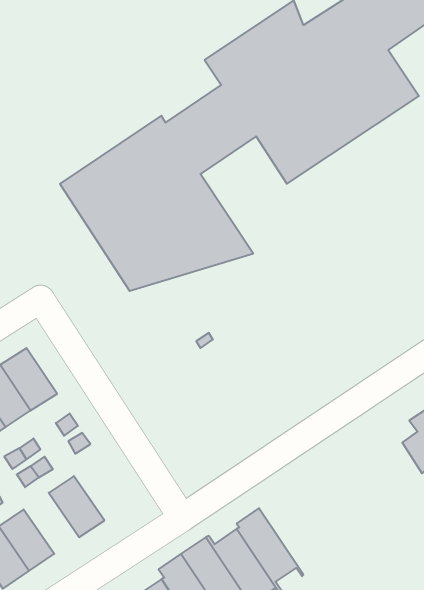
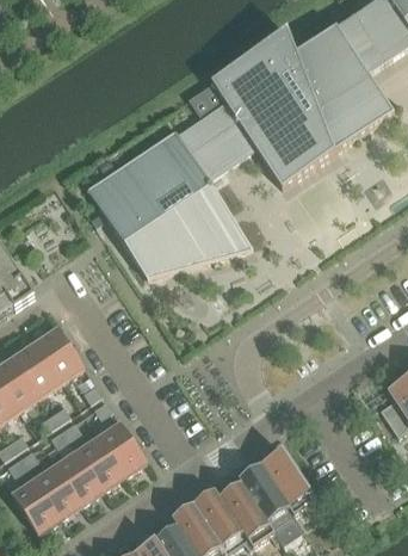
building: none -> [99,421,147,475]
building: none -> [258,449,321,521]
building: none -> [56,451,104,504]

